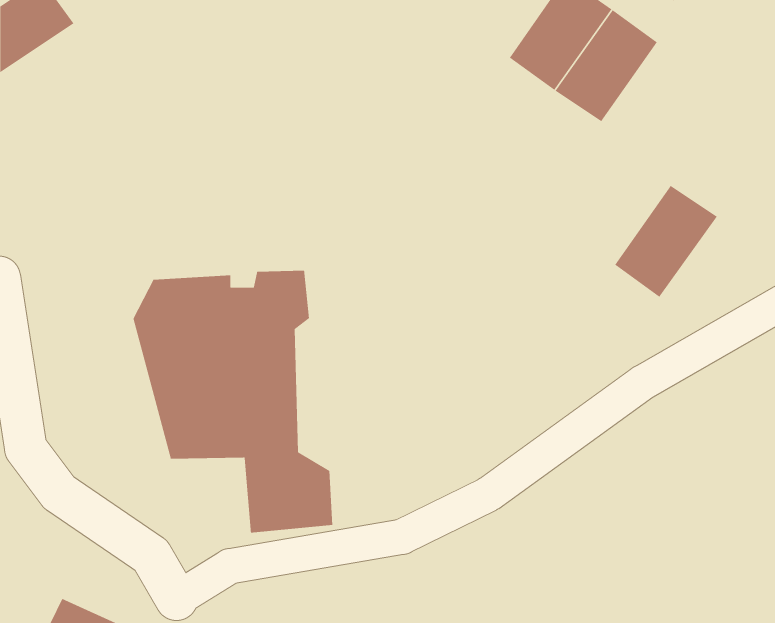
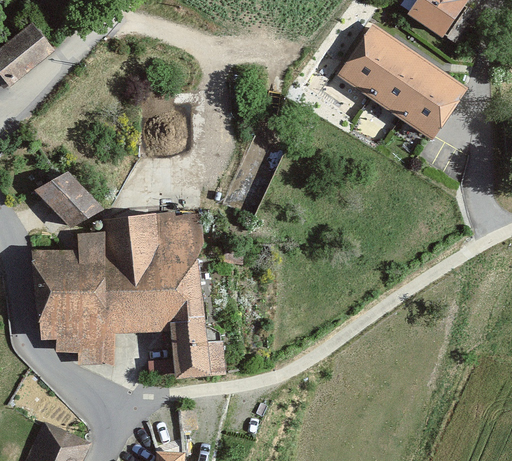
building: [614,185,718,298] -> [394,65,460,137]
building: none -> [39,165,97,224]
building: none -> [29,241,120,364]

